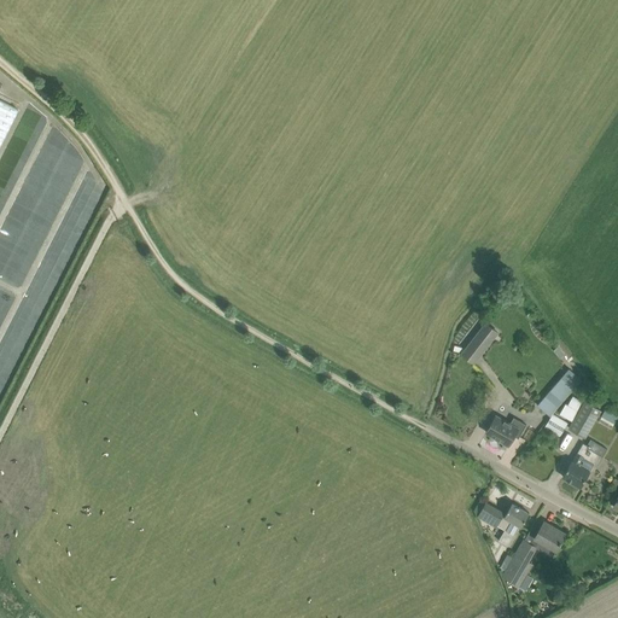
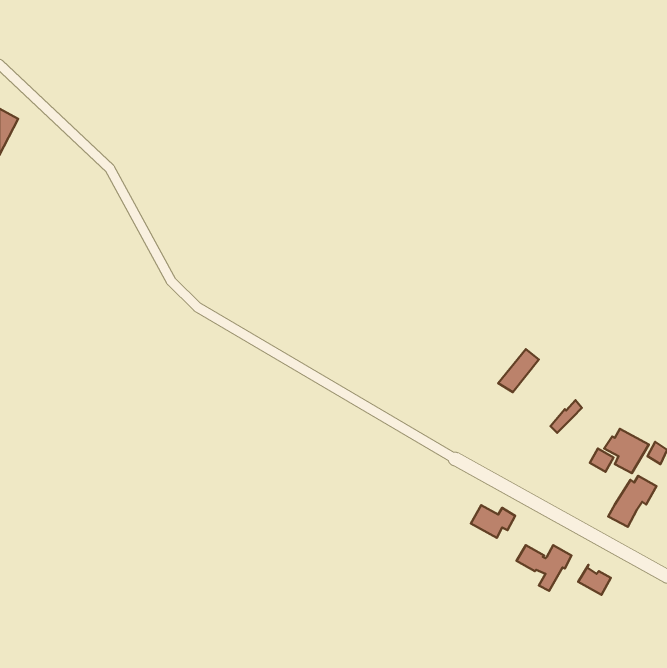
building: [543,368,581,407] -> none
building: [484,415,525,445] -> [471,505,515,538]
building: [501,540,535,588] -> none

